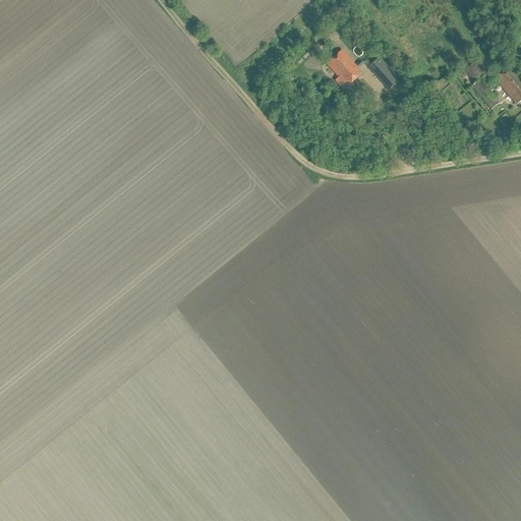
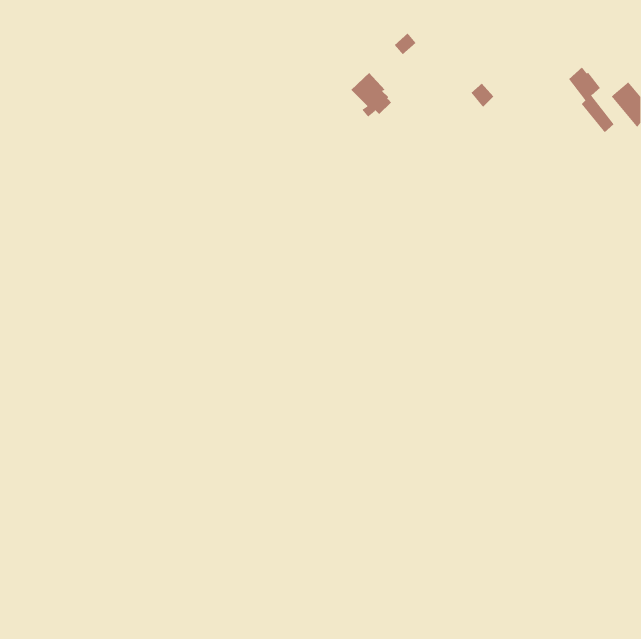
building: [327,50,360,86] -> [350,72,392,117]

